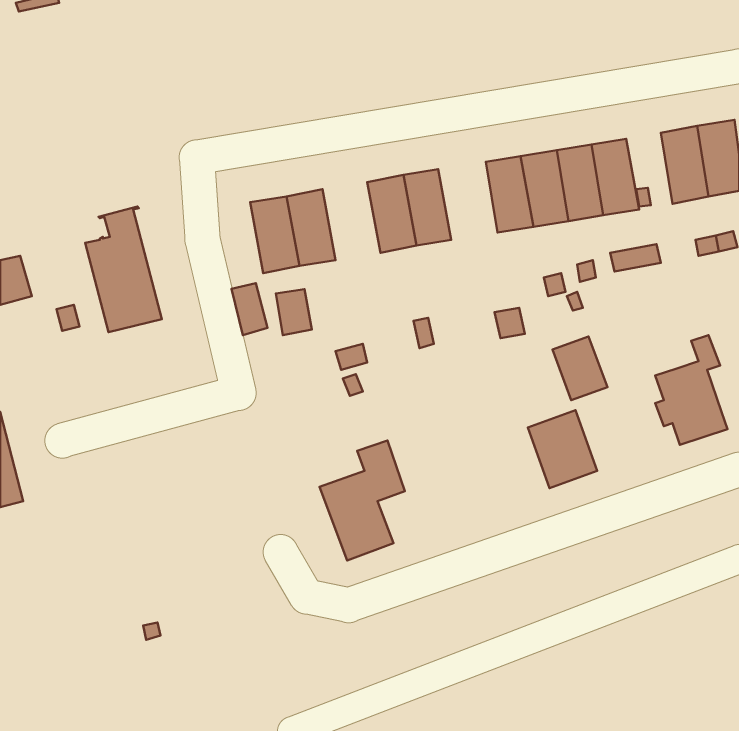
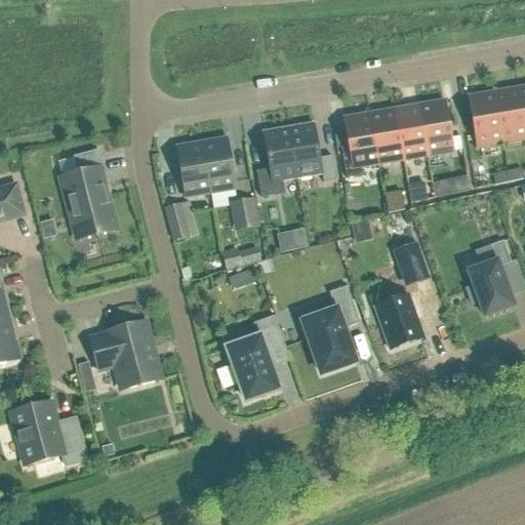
building: [276,289,312,335] -> [233,195,258,228]
building: none -> [302,283,360,371]
building: none -> [89,319,159,388]
building: none -> [12,399,87,463]

